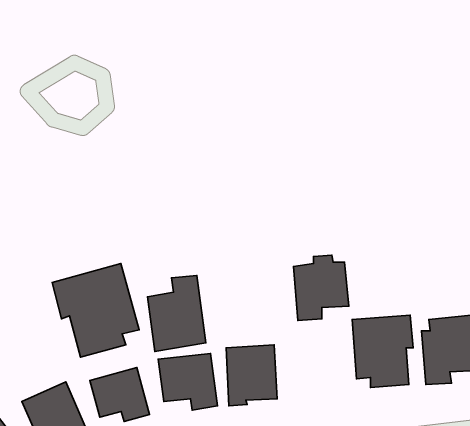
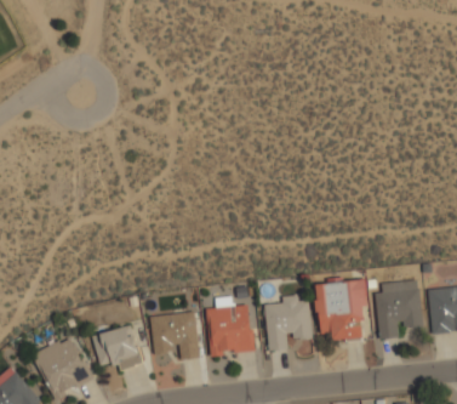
building: [294,255,349,320] -> [265,295,313,351]
building: [52,264,139,357] -> none
building: [147,275,206,351] -> none

